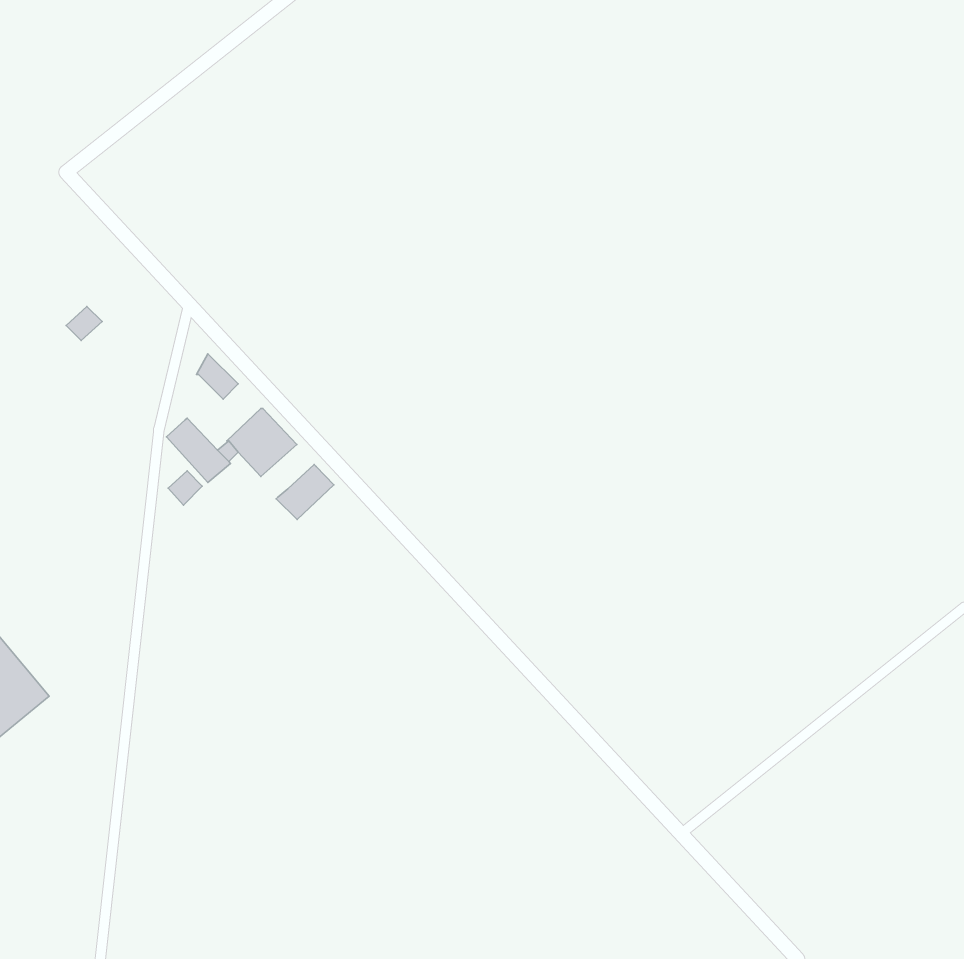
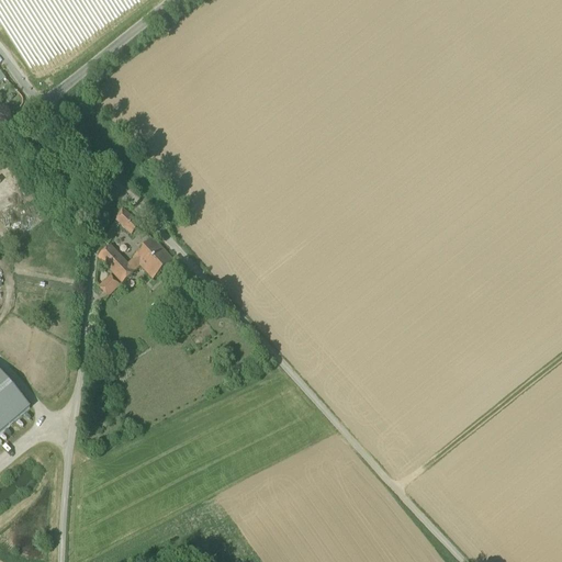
building: [276,464,334,519] -> none

